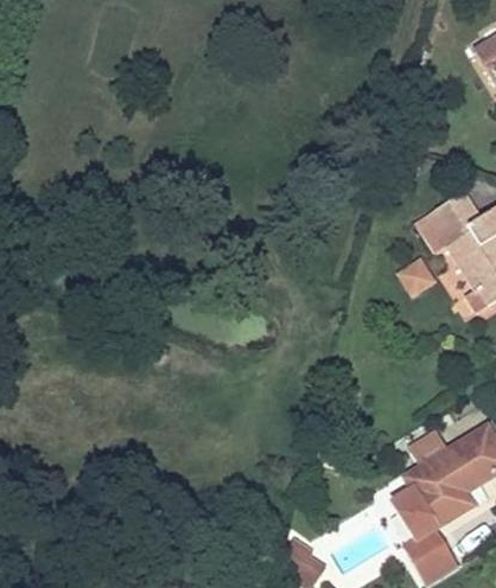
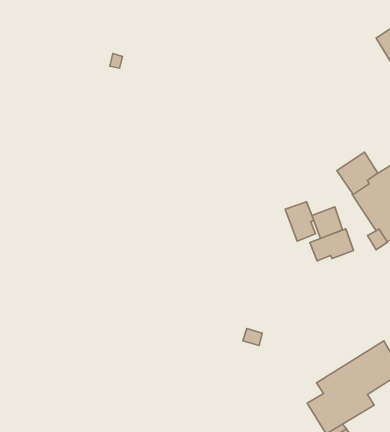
building: none -> [285,202,315,241]
building: none -> [310,229,353,261]

